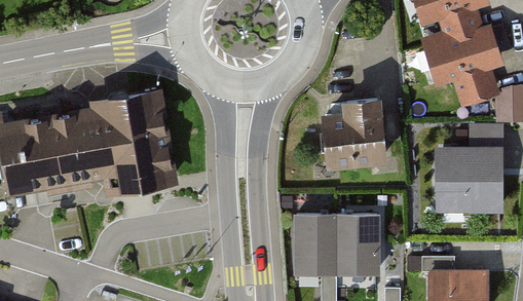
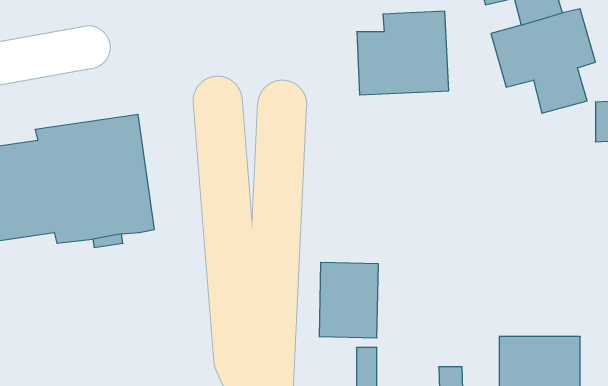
building: [322,88,390,151] -> [357,11,449,95]
building: [438,138,505,199] -> none
building: [336,209,381,265] -> none

